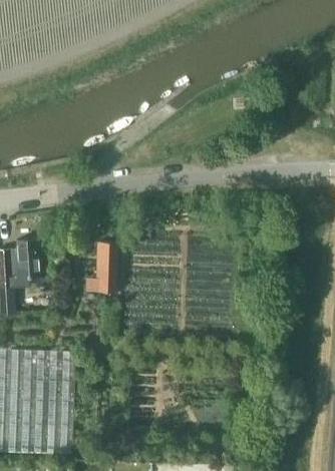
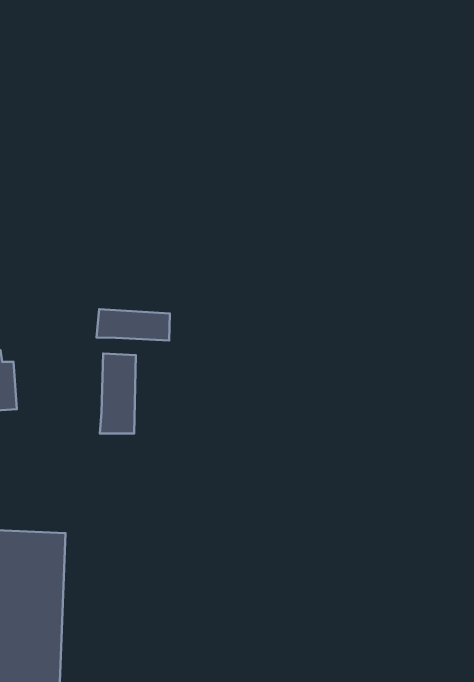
building: none -> [97,309,170,341]

